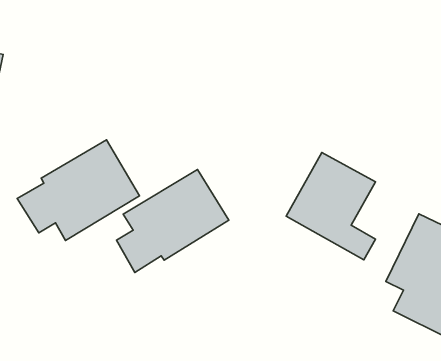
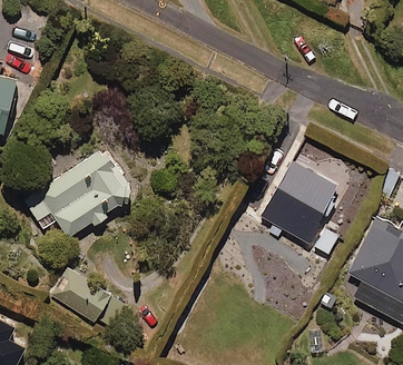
building: [116,169,229,272] -> none
building: none -> [53,269,111,322]

